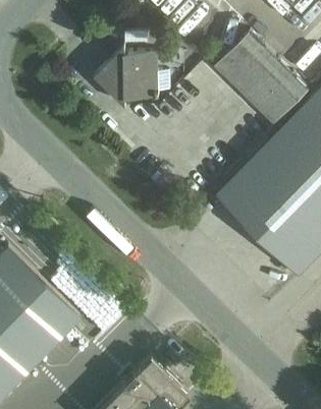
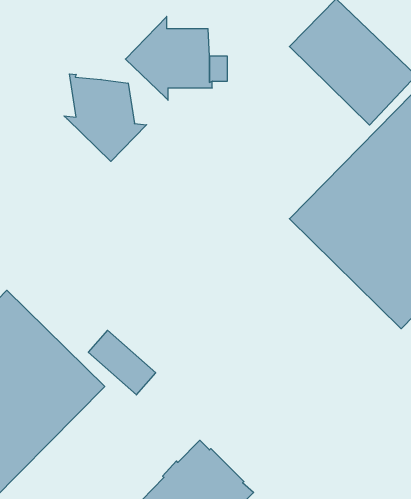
building: none -> [64,74,147,161]

